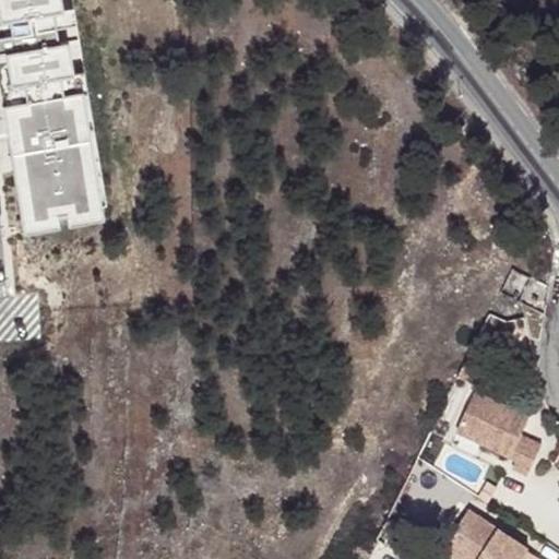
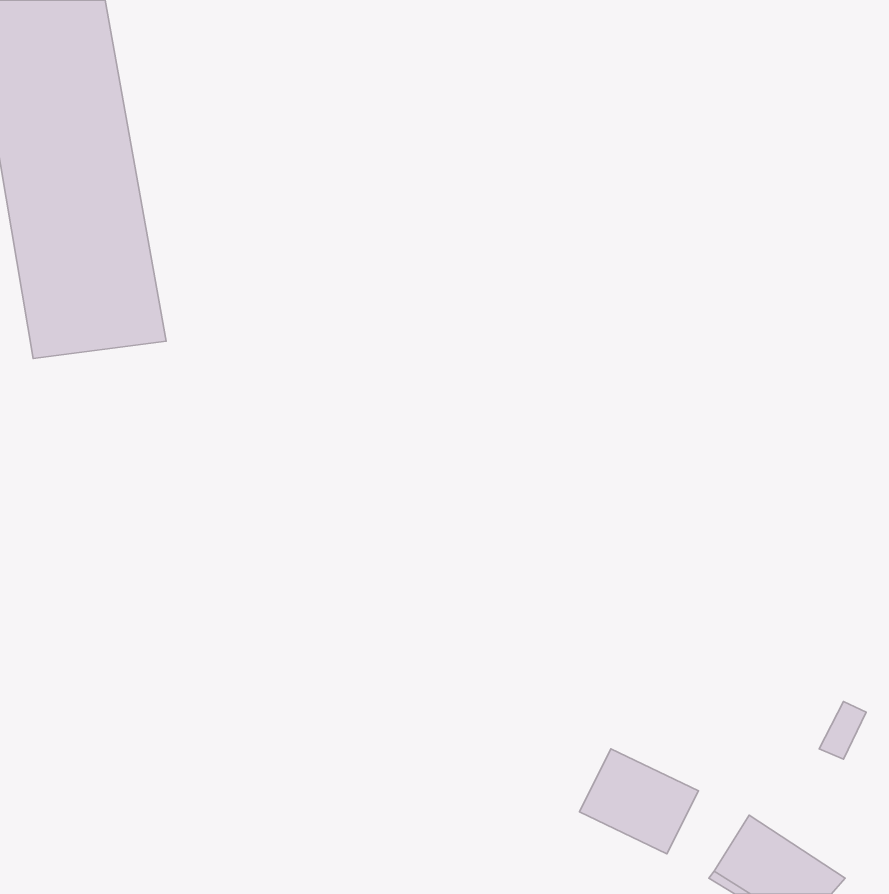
building: [455,391,530,456] -> [579,749,698,854]

